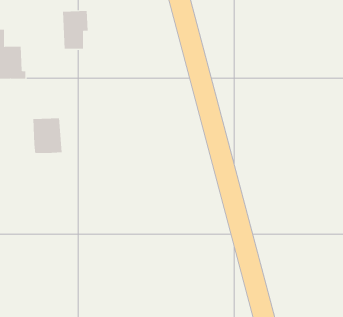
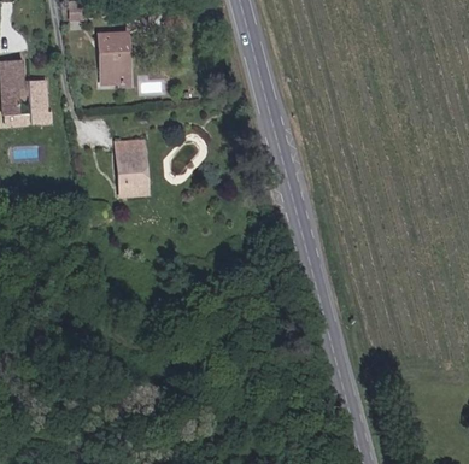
building: [32,118,63,154] -> [115,146,153,192]

